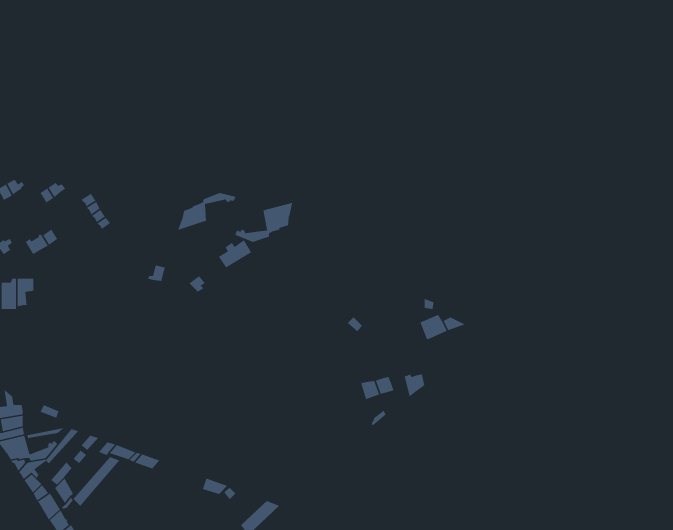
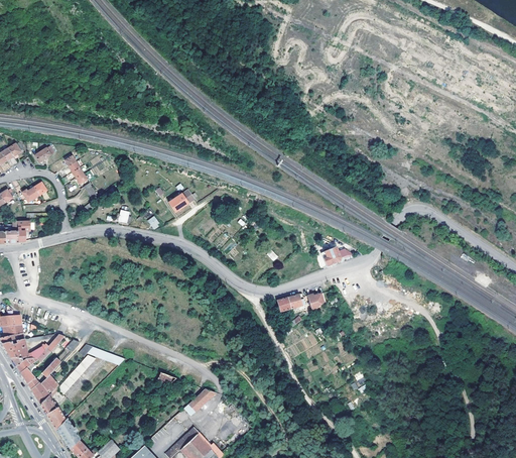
building: [177,192,237,231] -> none
building: [234,202,293,243] -> none

